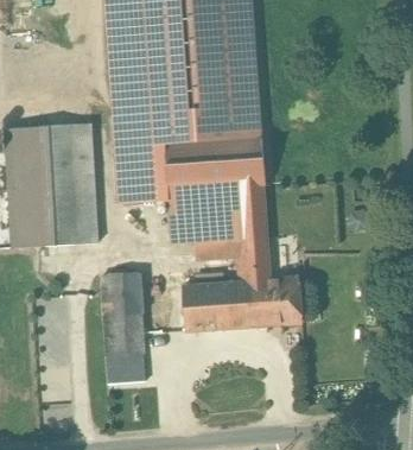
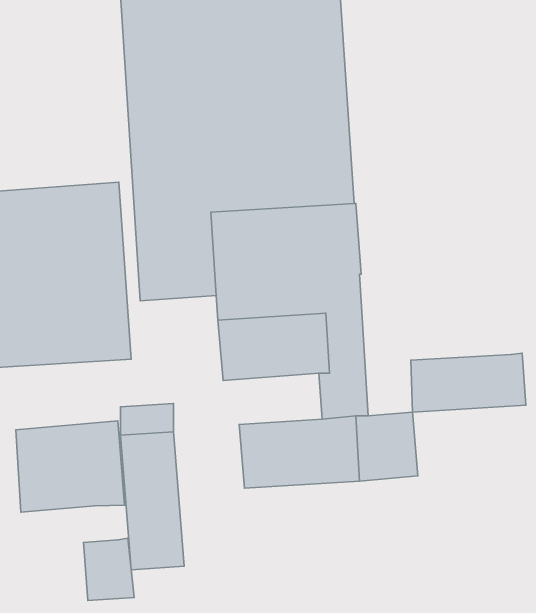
building: none -> [411,353,526,412]
building: none -> [16,421,125,512]
building: none -> [83,538,134,601]

